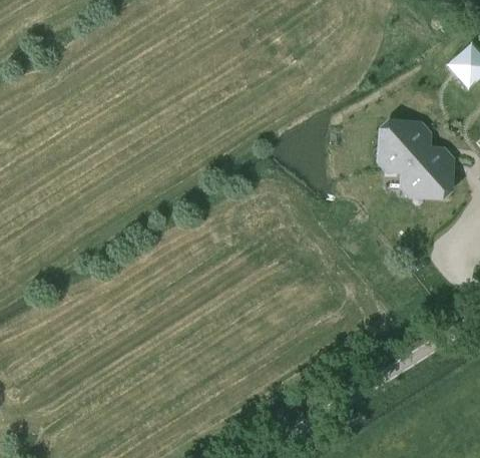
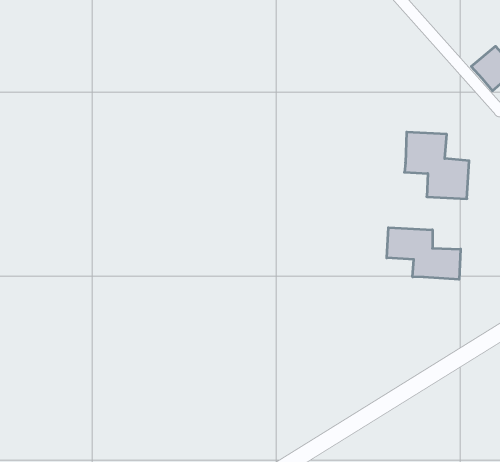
building: none -> [387,228,461,279]

